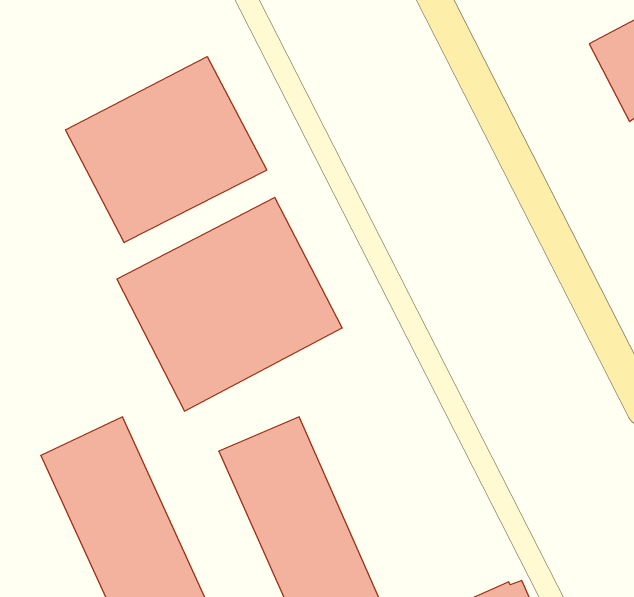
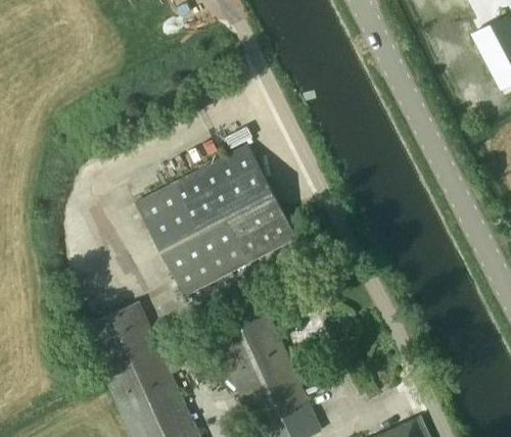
building: [66,57,267,243] -> none

